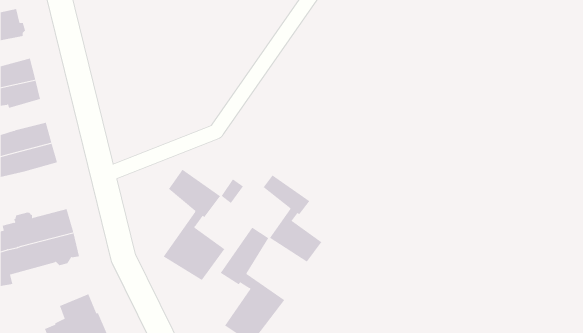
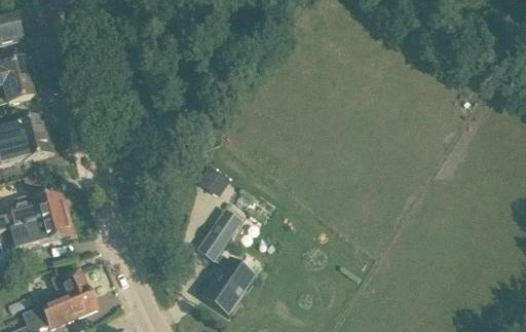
building: [163,169,225,281] -> none
building: [263,174,322,263] -> none

